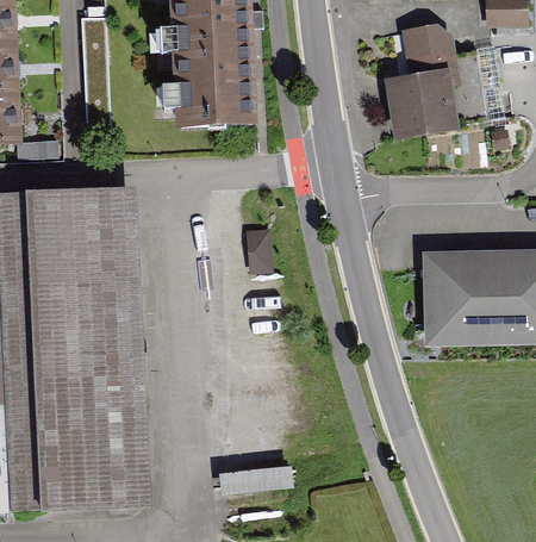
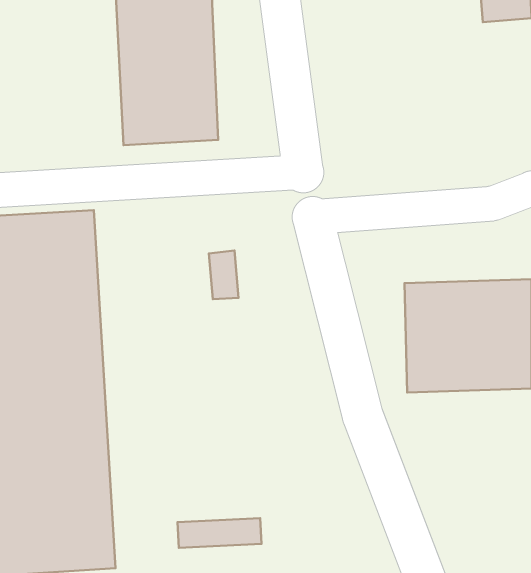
building: [382,13,462,138] -> none

